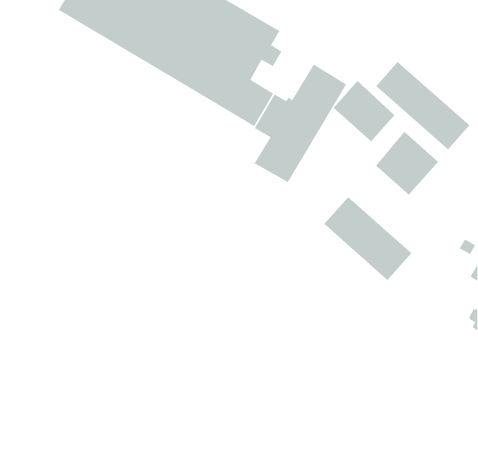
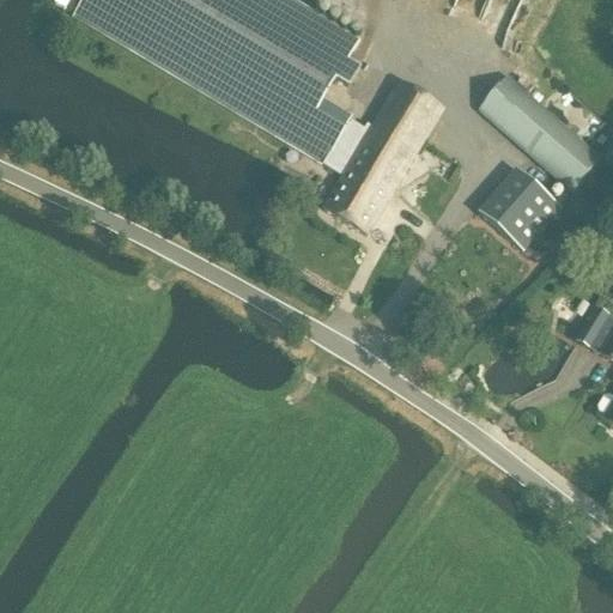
building: [333,80,395,142] -> none
building: [324,196,412,281] -> none

